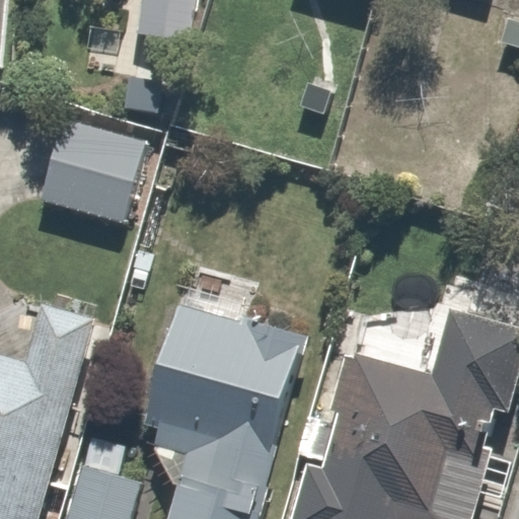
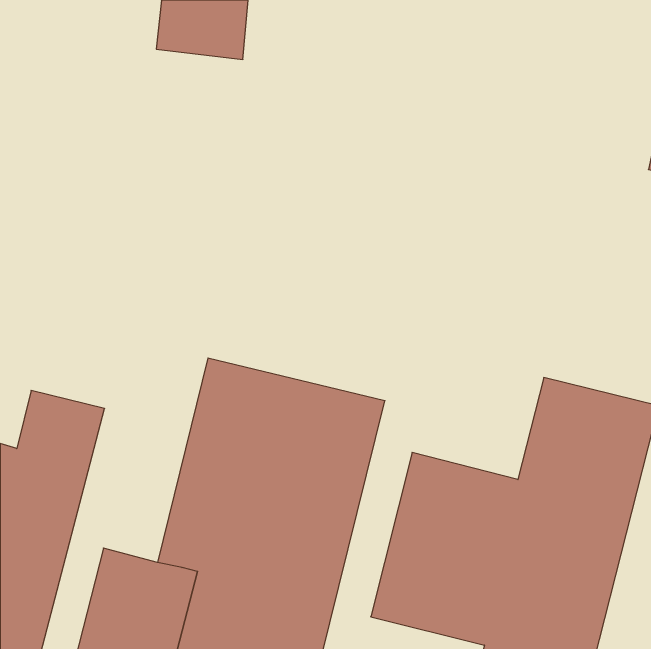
building: [29,120,159,240] -> none

